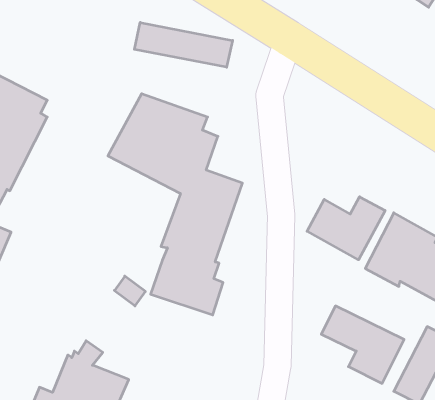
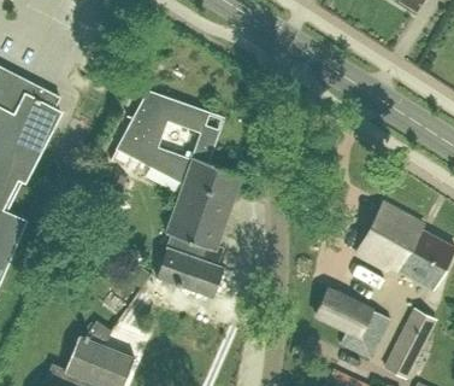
building: [134,22,233,67] -> none
building: [307,197,385,260] -> none

